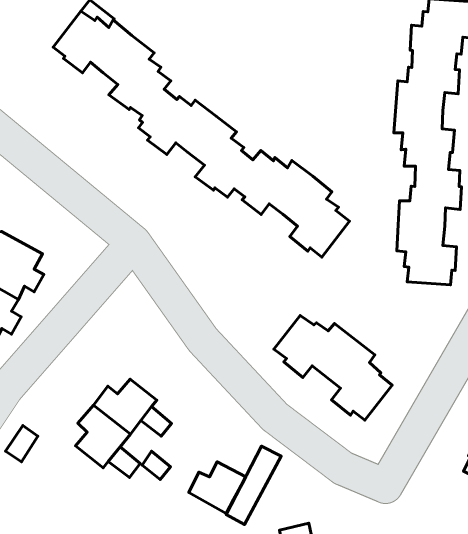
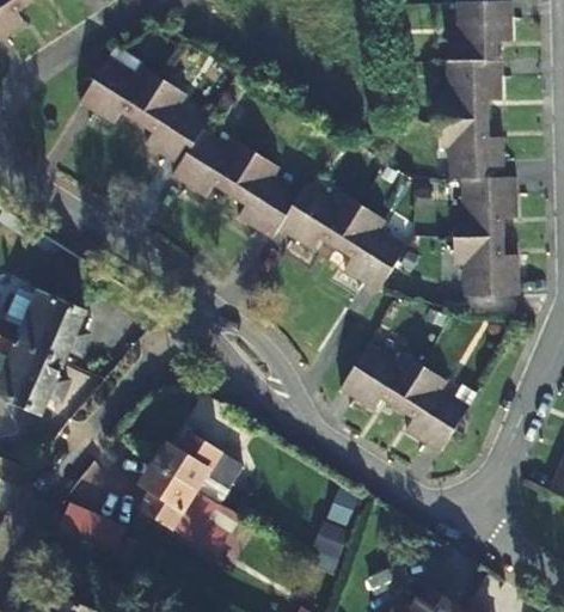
building: [189,462,246,513] -> none

